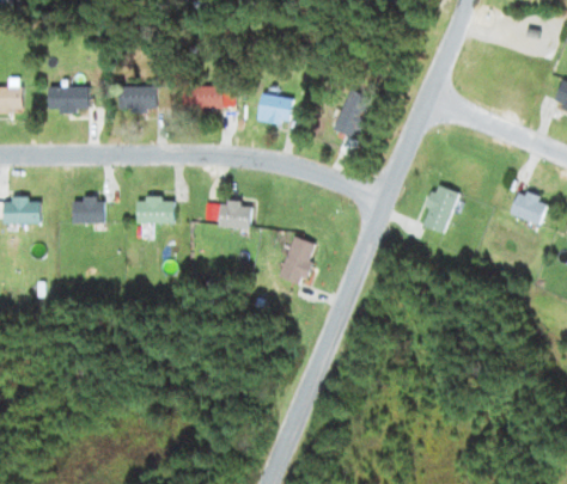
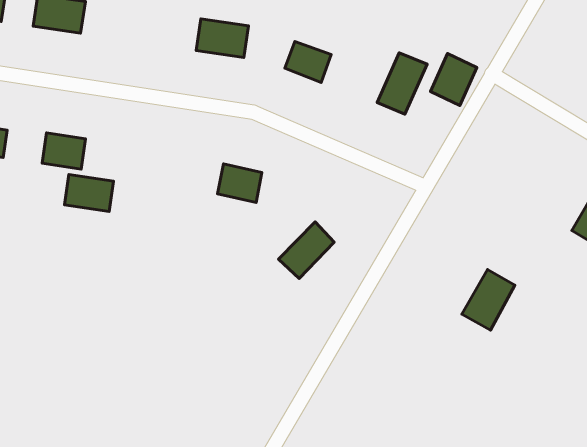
building: none -> [430,53,477,105]
building: [117,87,156,111] -> none
building: [419,185,458,234] -> [462,269,515,330]
building: [136,198,173,223] -> [64,174,114,211]

